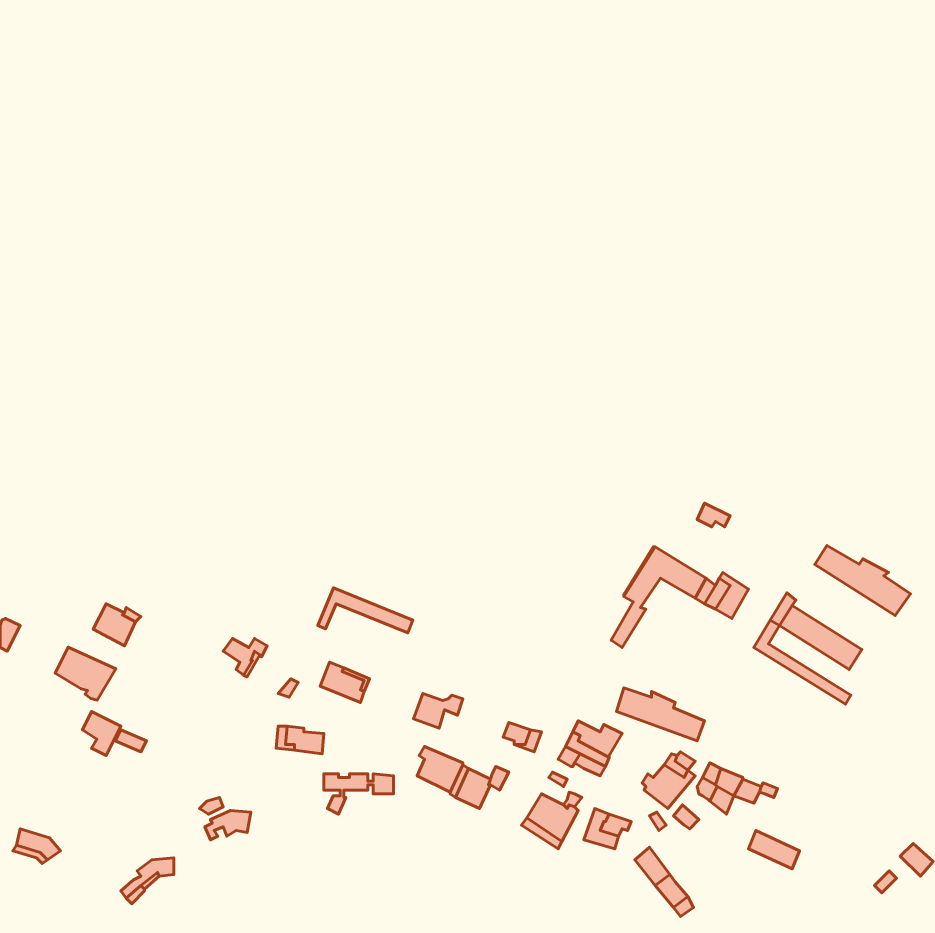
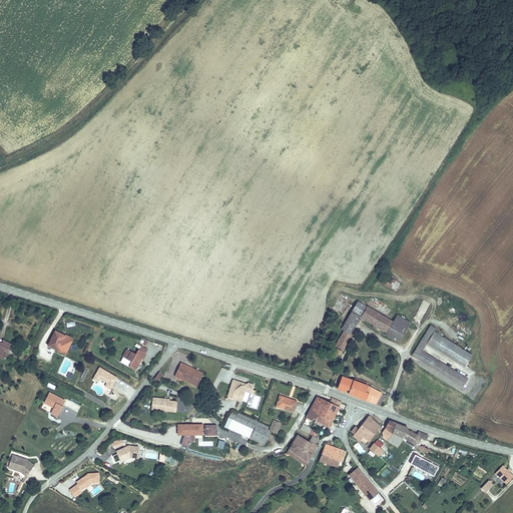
building: [815,545,910,615] -> none
building: [318,588,413,633] -> none
building: [55,647,116,700] -> none

